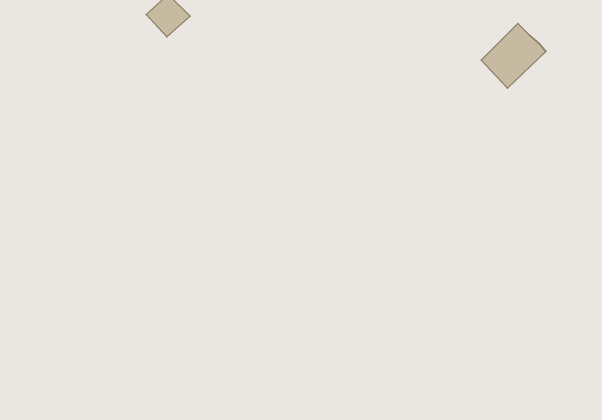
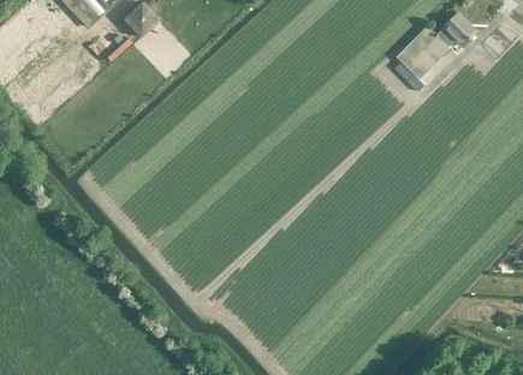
building: none -> [436,13,477,47]

